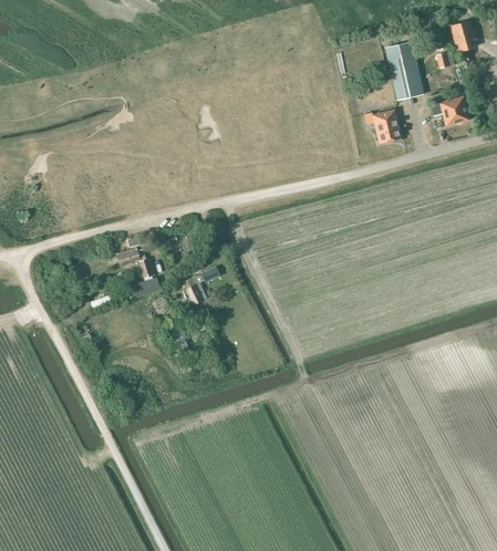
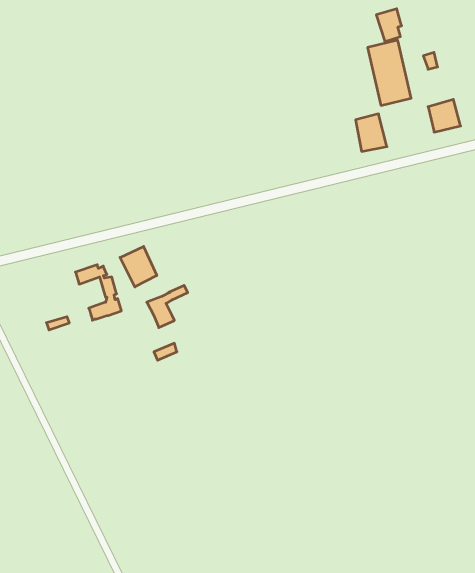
building: [449,21,473,51] -> [376,9,402,41]
building: none -> [120,246,157,287]

